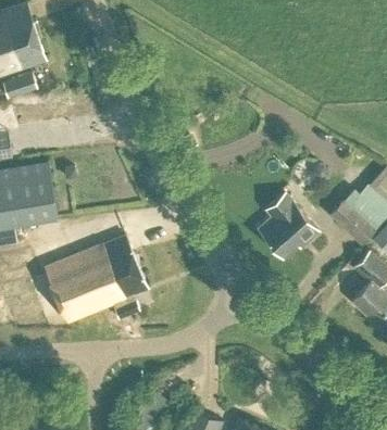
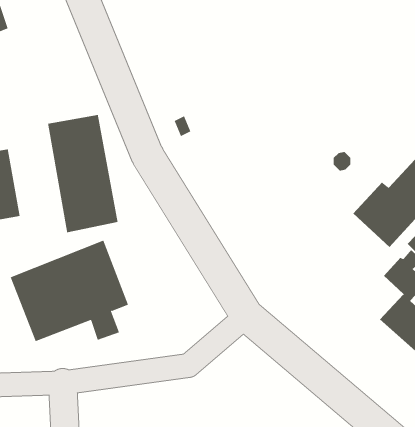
building: none -> [47,114,118,233]
building: [257,192,316,256] -> none

